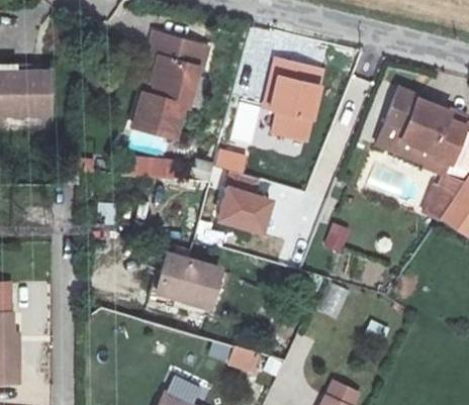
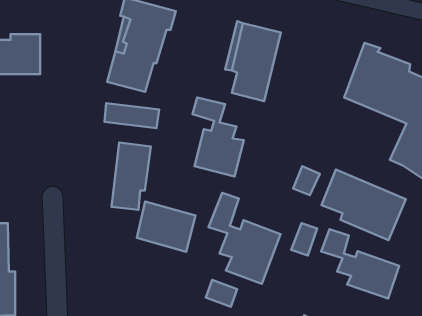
building: none -> [111,143,151,210]
building: none -> [321,170,406,240]
building: none -> [209,193,280,284]
building: none -> [321,229,399,299]

